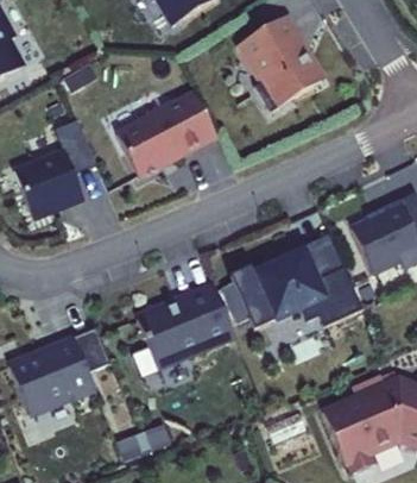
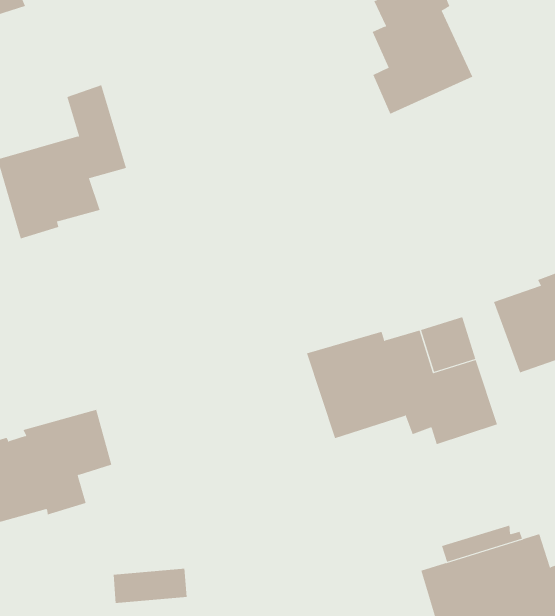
building: [118,93,215,176] -> none
building: [137,282,234,366] -> none

